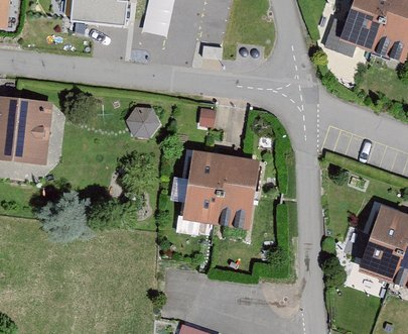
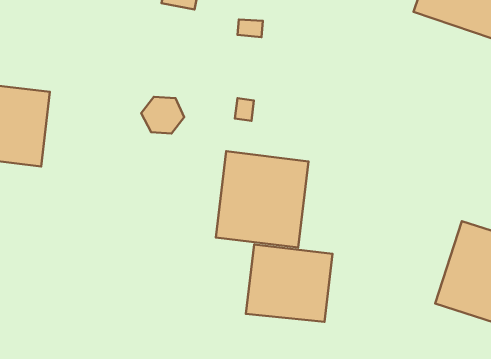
building: none -> [246,245,333,322]

